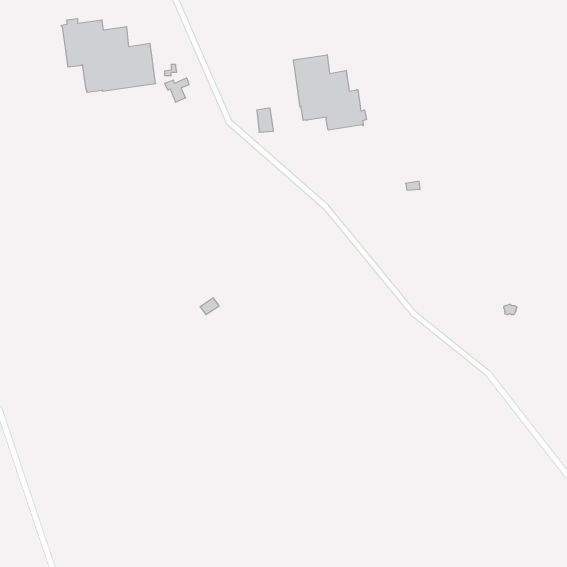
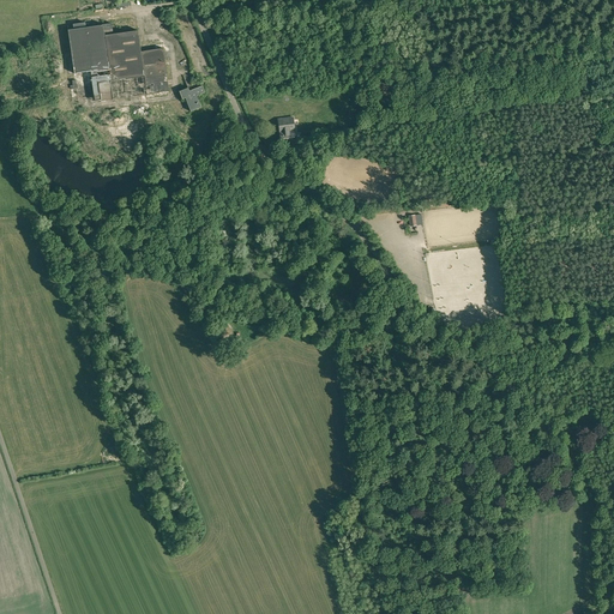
building: [293,55,366,130] -> none

